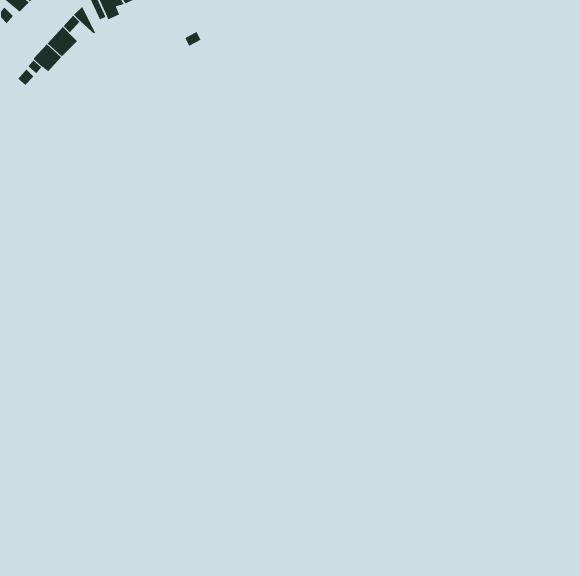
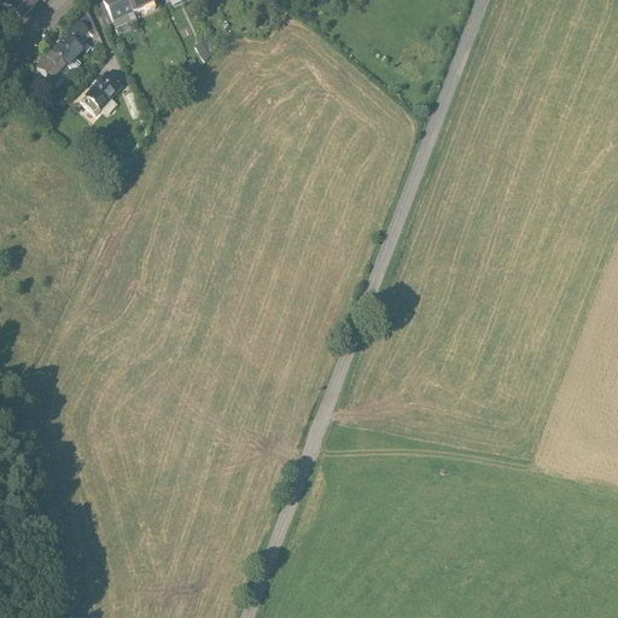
building: none -> [89,68,126,104]

